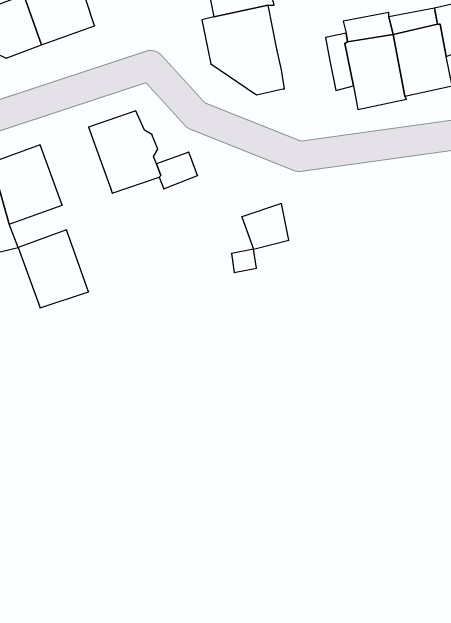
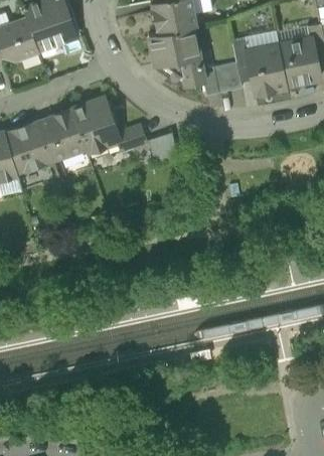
building: none -> [203,63,241,96]
building: [242,204,289,249] -> [146,133,178,164]
building: [18,230,89,308] -> [38,109,87,162]

